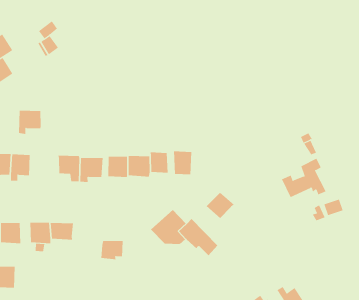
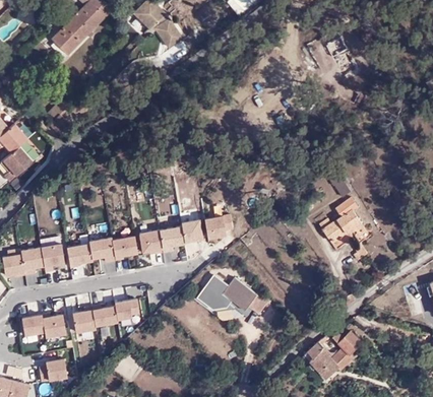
building: [18,110,42,135] -> [67,243,92,269]
building: [206,192,235,219] -> none
building: [101,240,124,260] -> [116,297,139,319]

